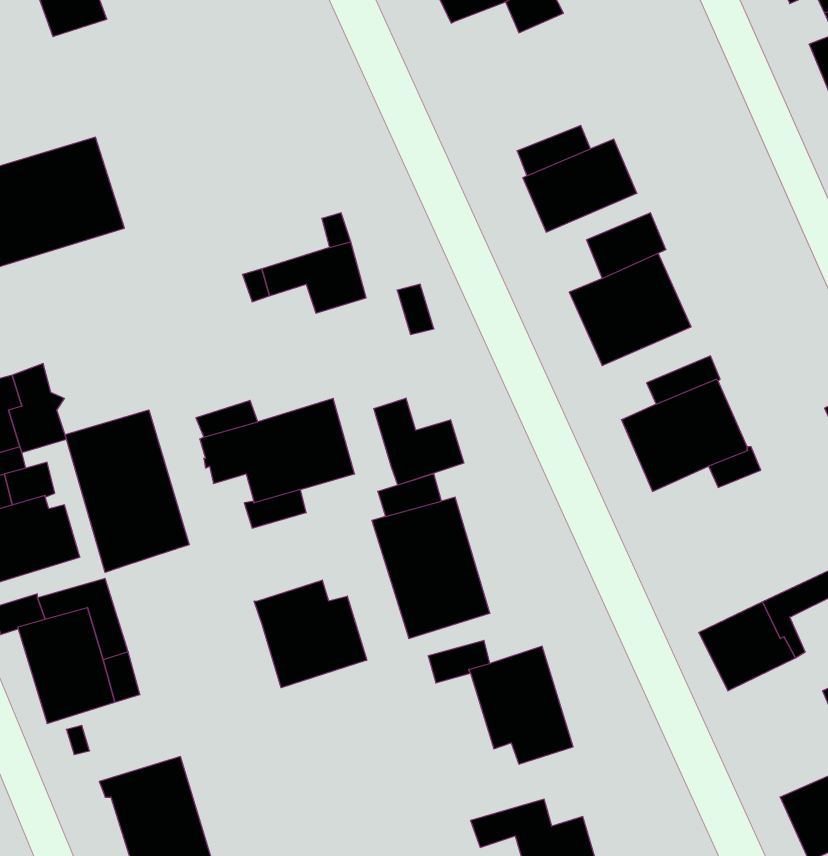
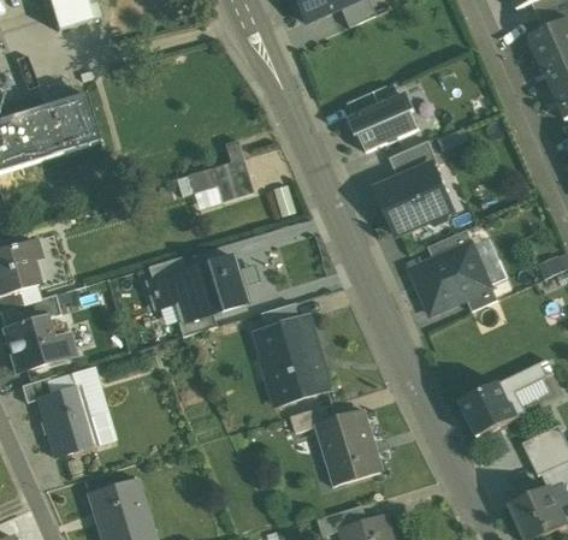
building: [374,398,464,485] -> none
building: [65,410,189,572] -> none
building: [254,580,367,688] -> none

